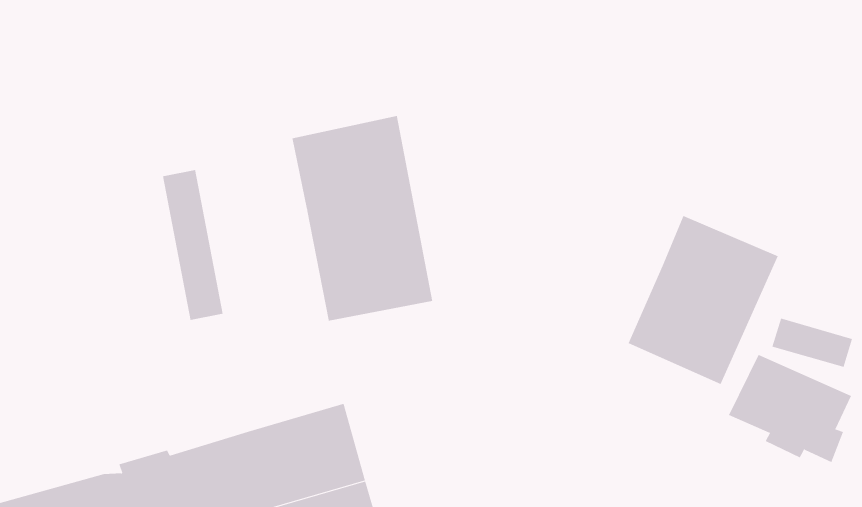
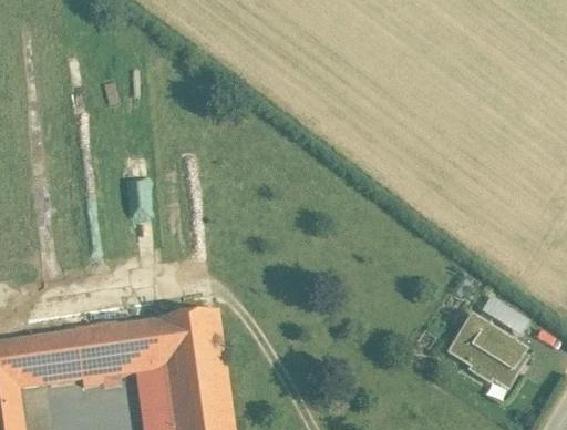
building: [292,115,433,321] -> none
building: [628,215,778,385] -> none

